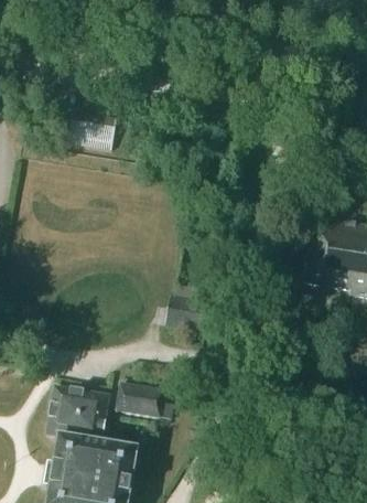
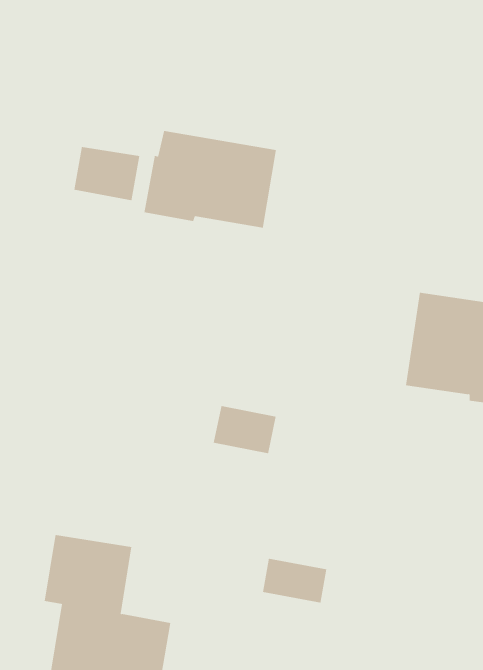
building: none -> [144,130,277,229]
building: [118,384,164,416] -> [262,558,327,603]

